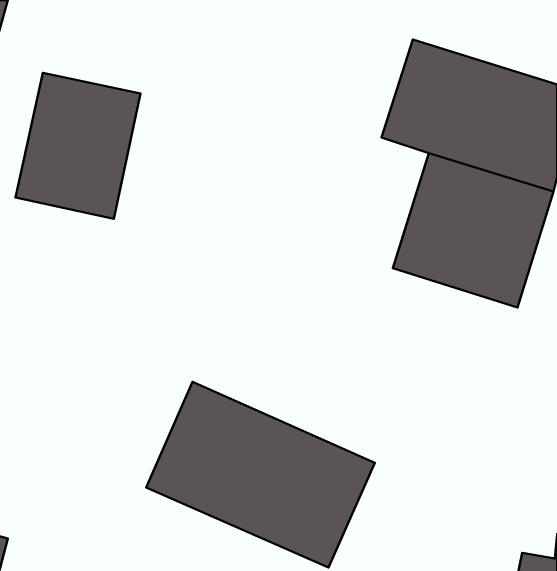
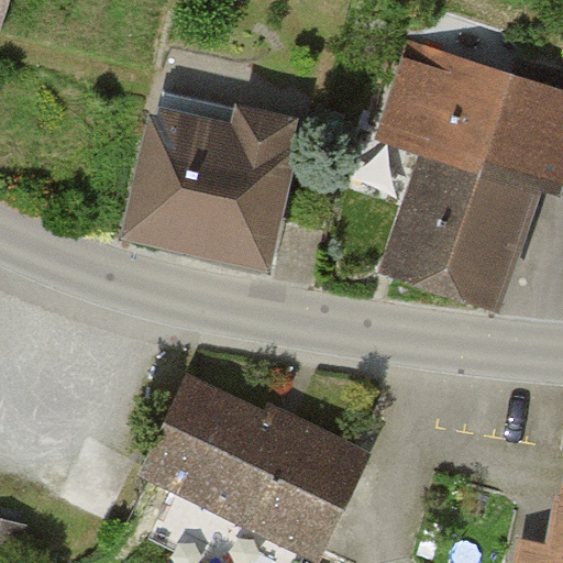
building: [16,73,140,219] -> none
building: none -> [129,95,308,264]

